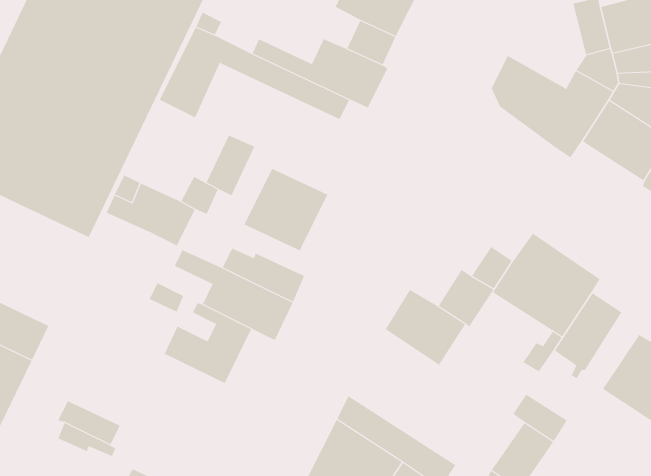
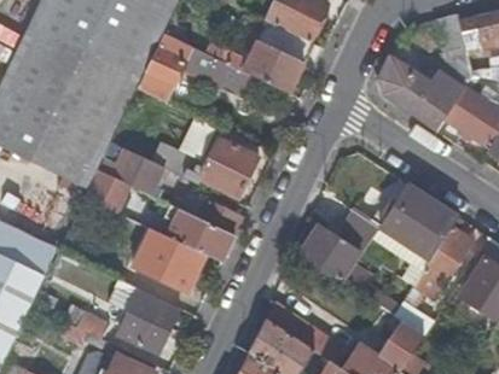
building: none -> [85,169,130,211]
building: none -> [109,277,178,351]

